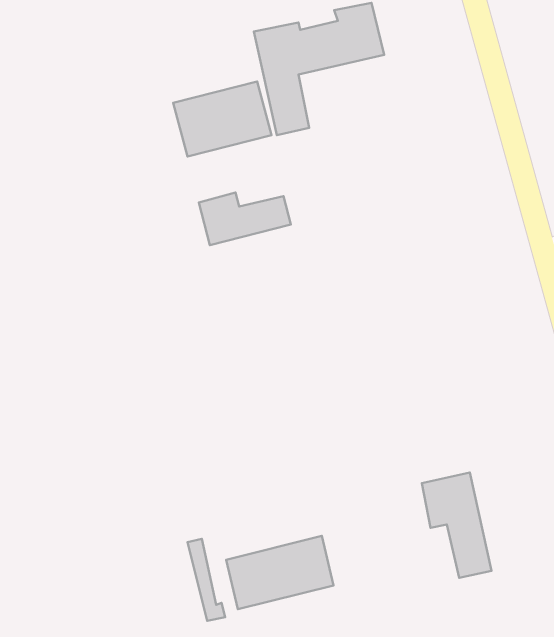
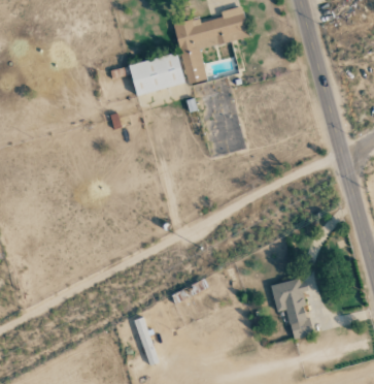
building: [199,192,291,245] -> none
building: [226,536,333,609] -> none

